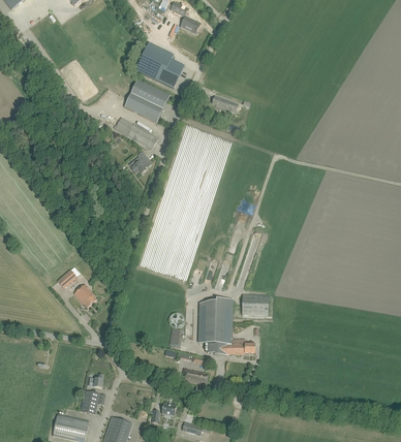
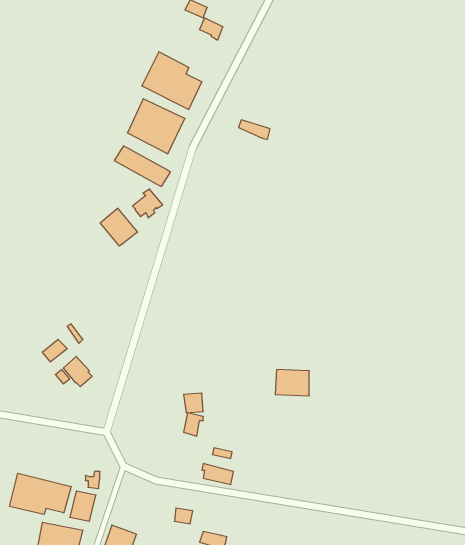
building: none -> [100,208,138,246]
building: [198,297,254,353] -> none
building: none -> [10,473,71,514]

